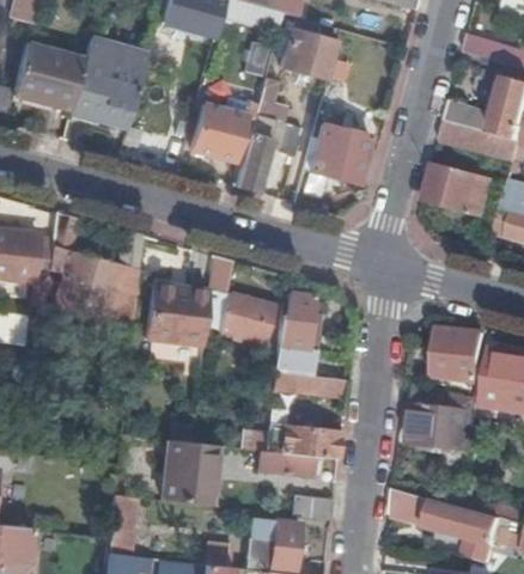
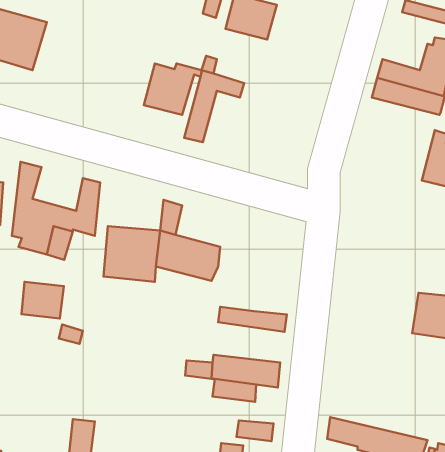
building: [69,41,146,128] -> none
building: [309,121,371,183] -> none
building: [426,165,493,215] -> none
building: [275,294,315,377] -> none
building: [431,325,487,383] -> none
building: none -> [22,282,64,319]
building: [412,383,479,451] -> none
building: [162,440,217,506] -> none

